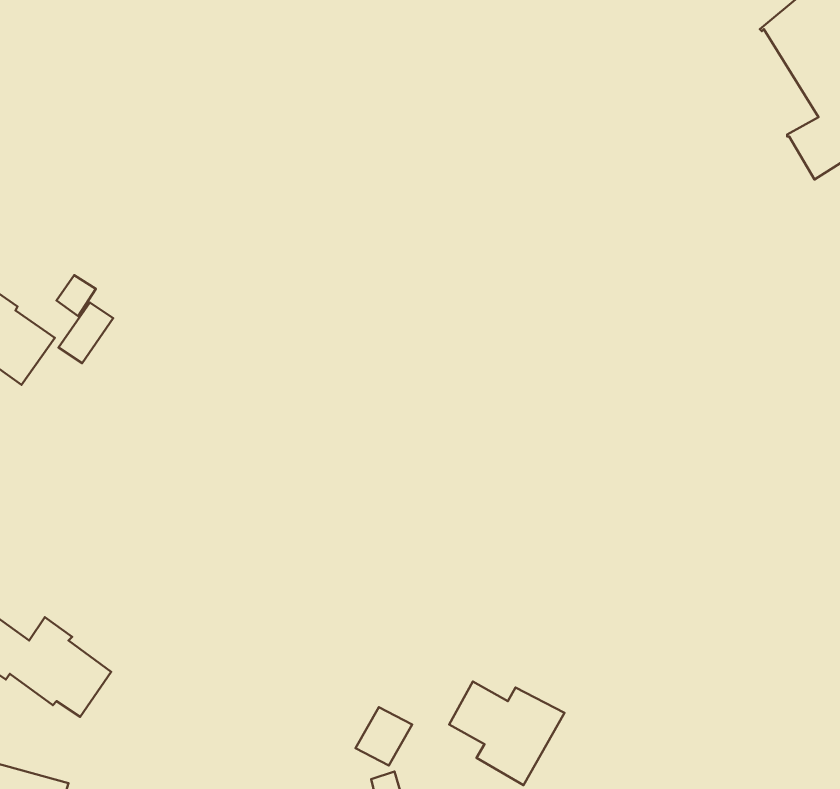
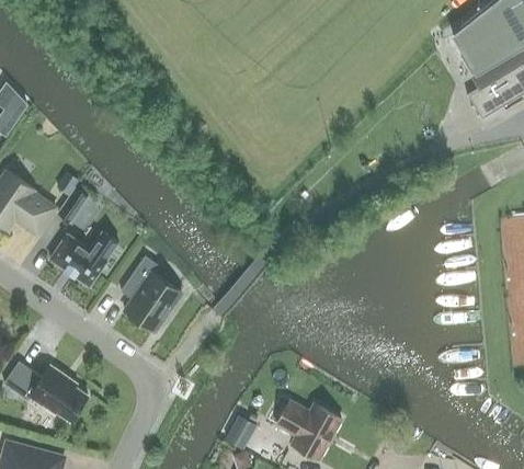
building: none -> [49,230,119,287]
building: none -> [121,256,181,331]

